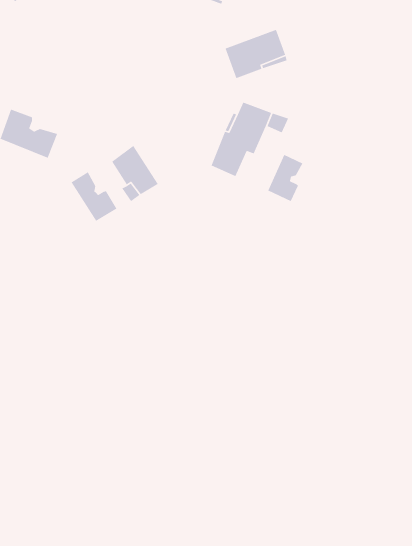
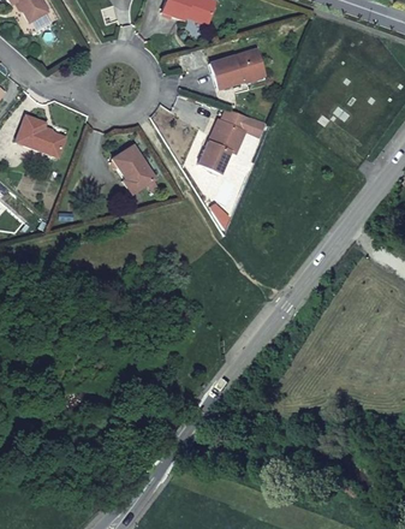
building: [267,154,304,202] -> none
building: [70,171,118,222] -> none

